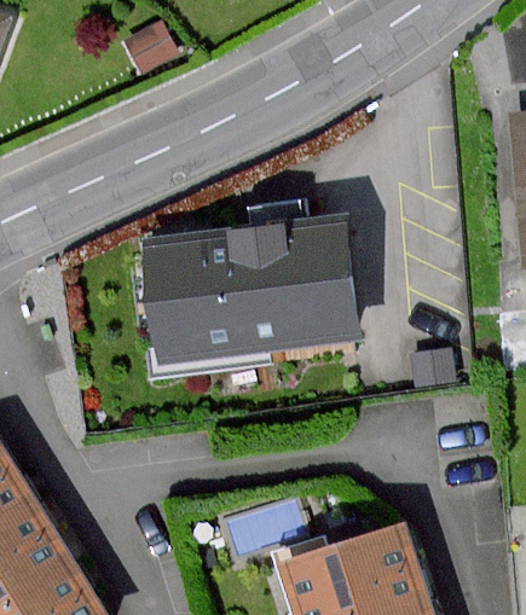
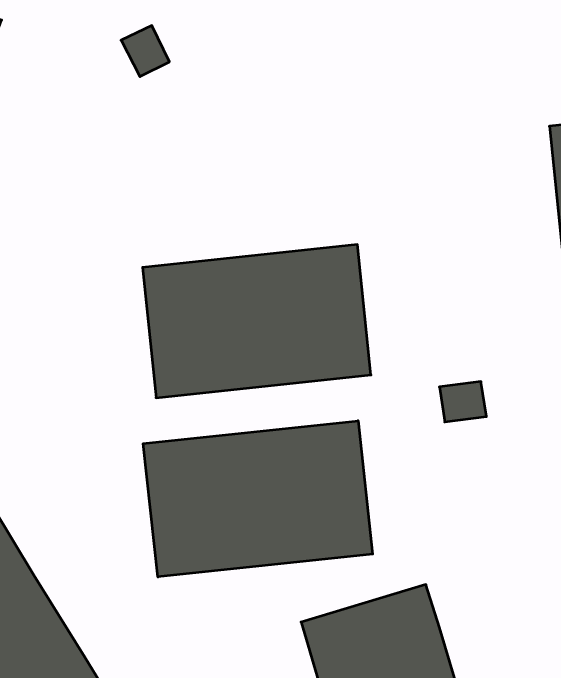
building: none -> [143,421,373,577]

